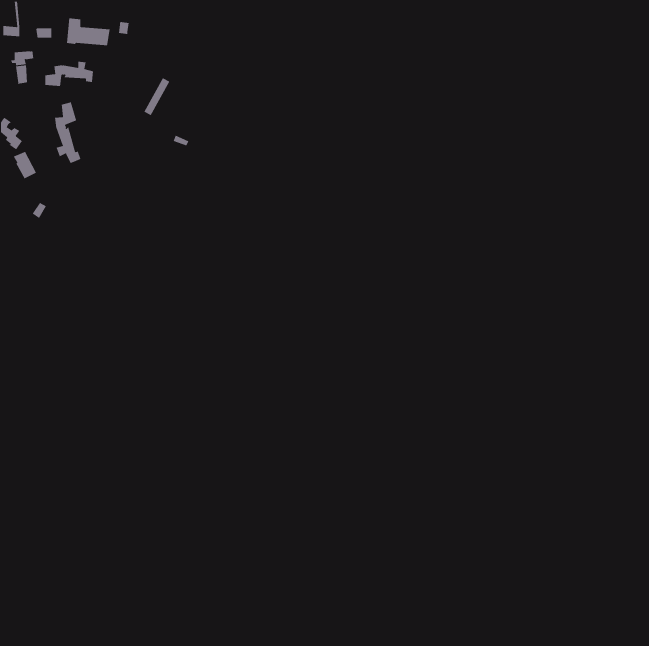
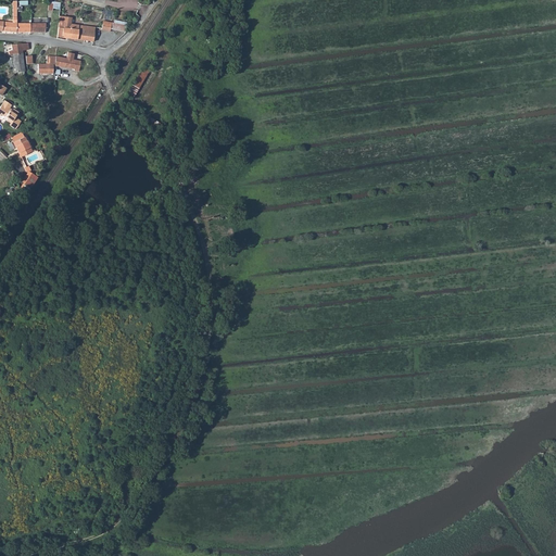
building: [55,101,81,164] -> none

